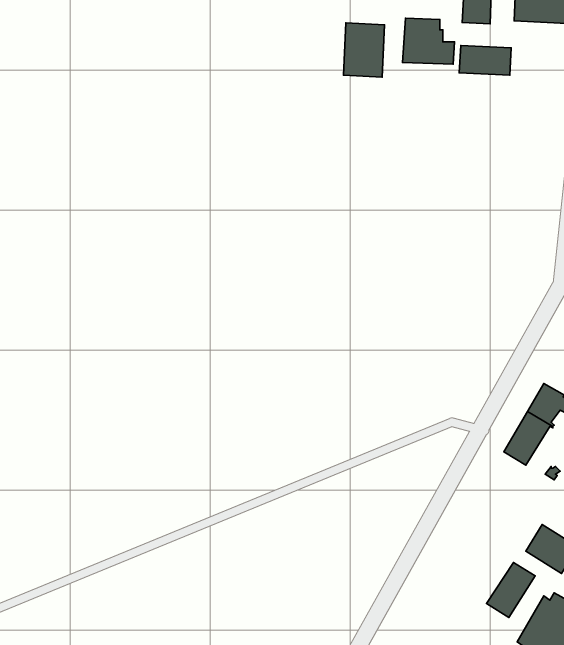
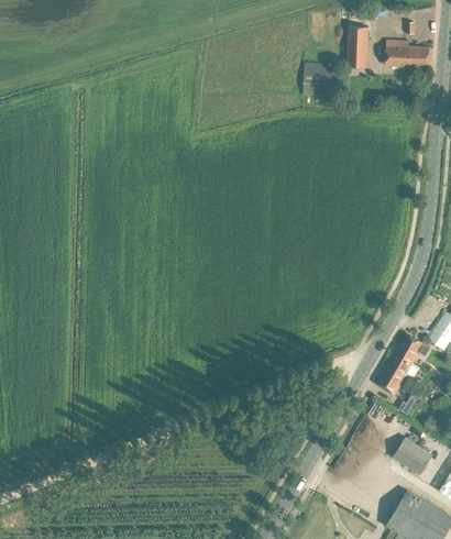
building: [344,23,384,77] -> none
building: [459,46,511,75] -> none
building: [486,562,535,618] -> none

